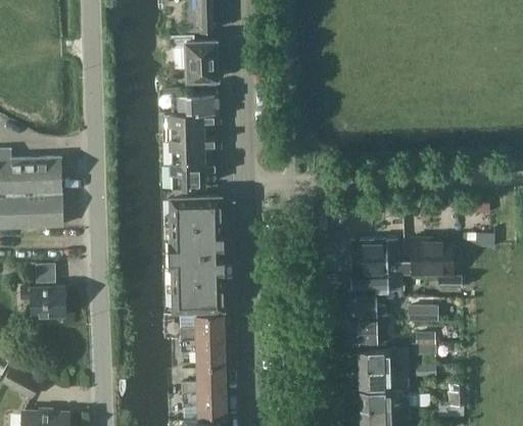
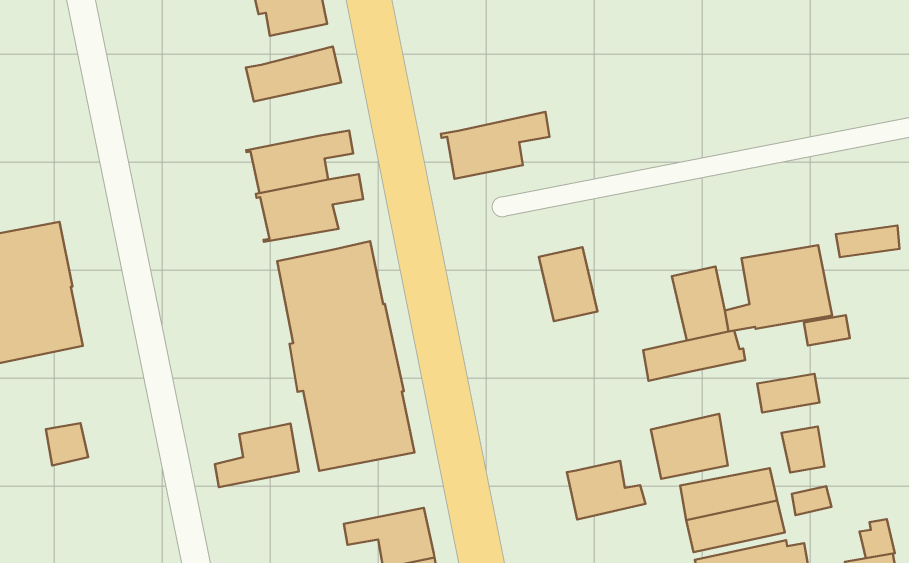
building: [163,111,220,138] -> [441,112,550,179]
building: [350,241,376,277] -> [539,247,598,321]
building: [20,288,66,322] -> none
building: [348,292,386,319] -> [567,461,645,520]
building: [182,314,225,340] -> [215,424,299,487]

